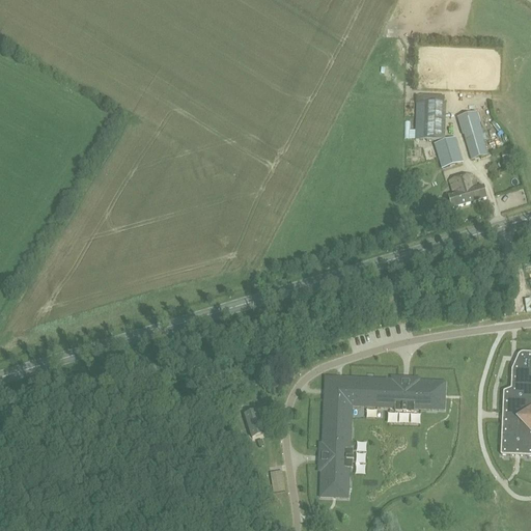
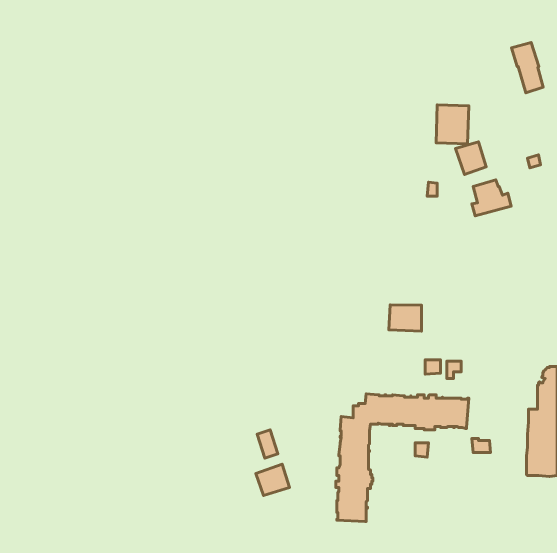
building: [457,109,487,157] -> [512,43,543,93]
building: none -> [389,305,422,331]
building: none -> [256,464,289,495]

